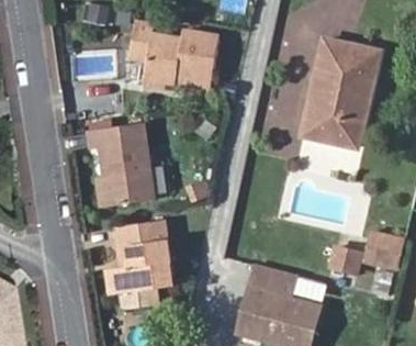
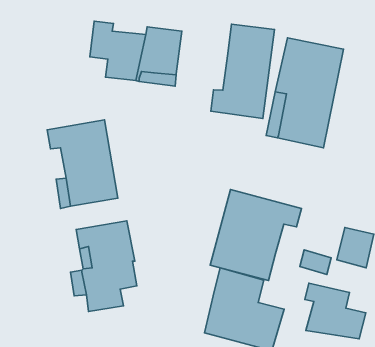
building: none -> [211,24,274,118]
building: none -> [210,189,301,281]
building: none -> [305,283,366,339]

